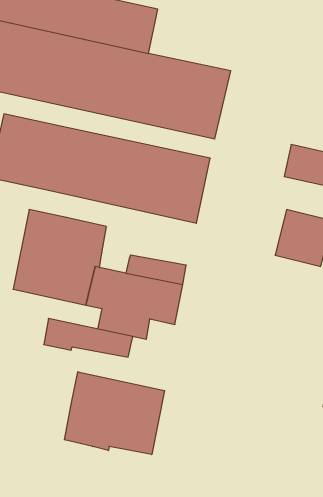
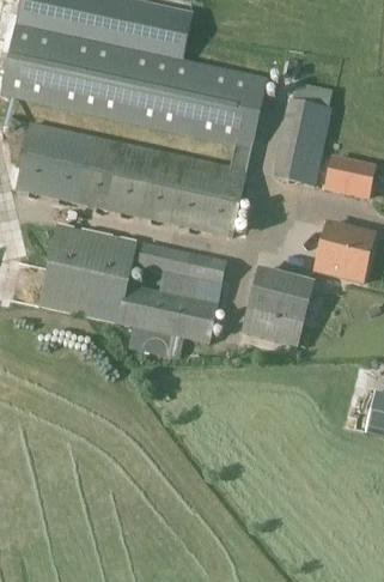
building: none -> [270,97,330,184]
building: none -> [240,265,313,346]
building: [44,318,133,357] -> [133,240,226,280]
building: [64,372,165,455] -> none

